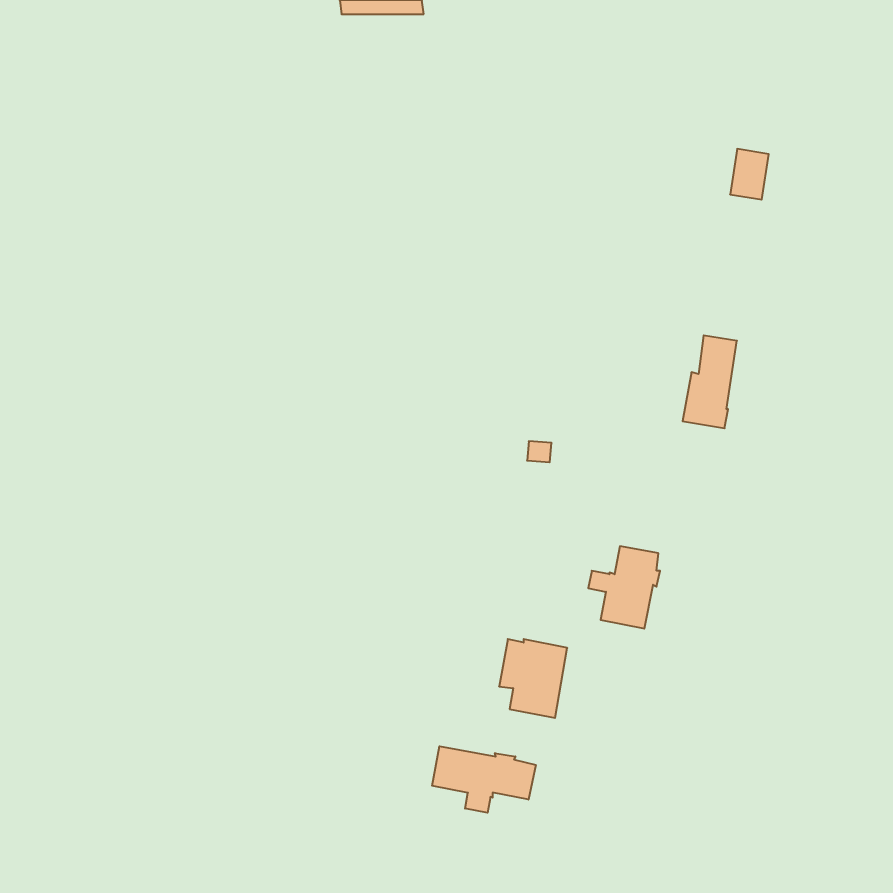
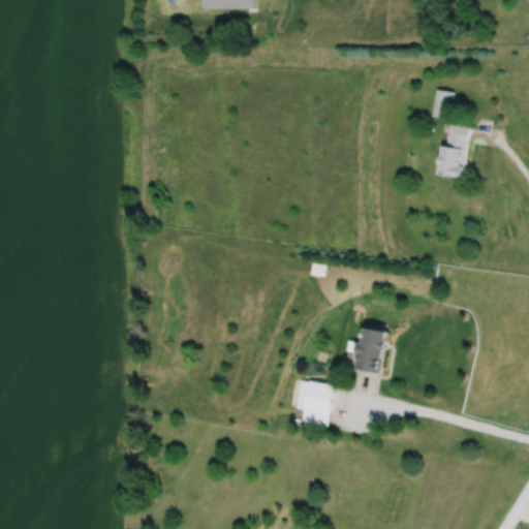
building: [683,335,737,428] -> [437,124,469,179]
building: [432,746,536,813] -> none

